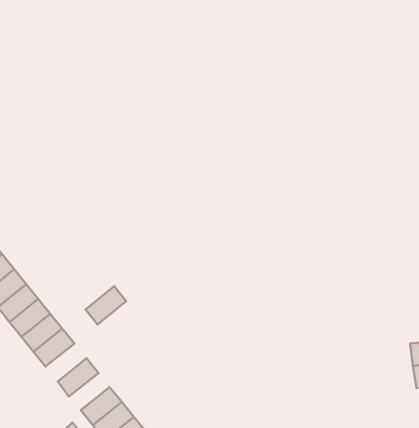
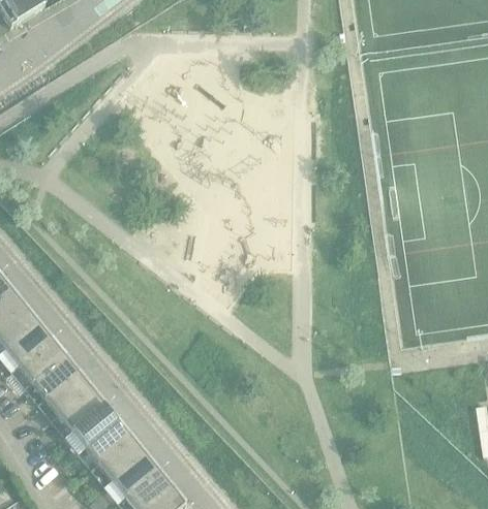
building: [85,286,126,324] -> [67,404,113,446]
building: none -> [93,437,139,478]

